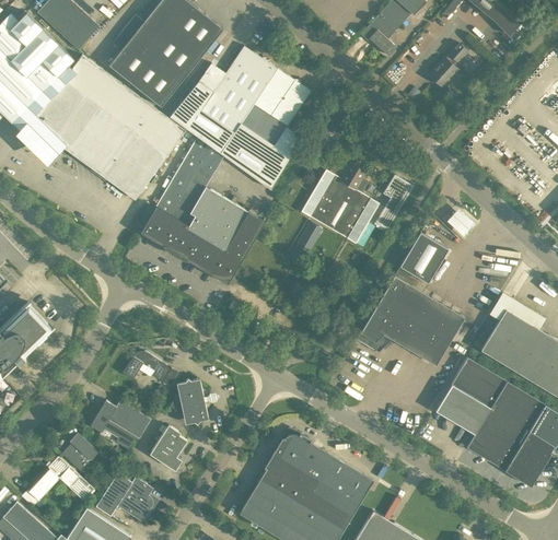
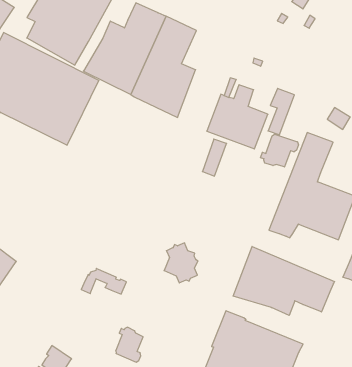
building: [140,139,264,284] -> none
building: none -> [260,134,298,167]
building: none -> [233,246,335,315]
building: [170,378,211,424] -> [164,243,198,283]
building: [90,400,151,448] -> none

